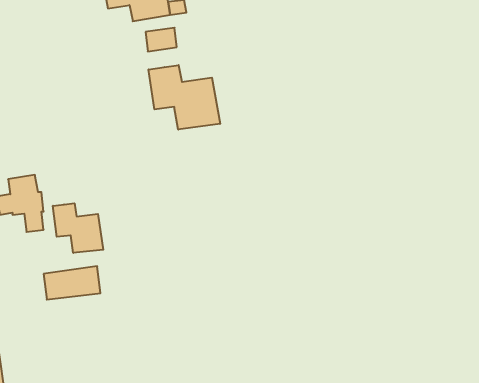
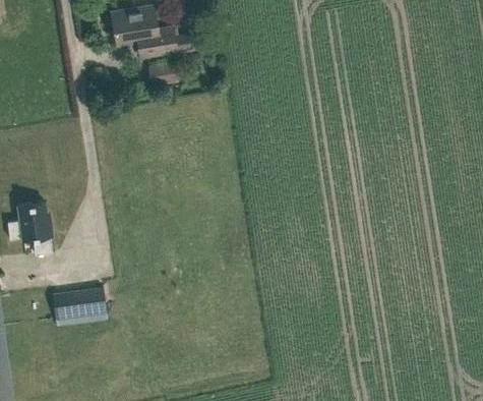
building: [149,65,220,130] -> none
building: [53,203,103,253] -> none

